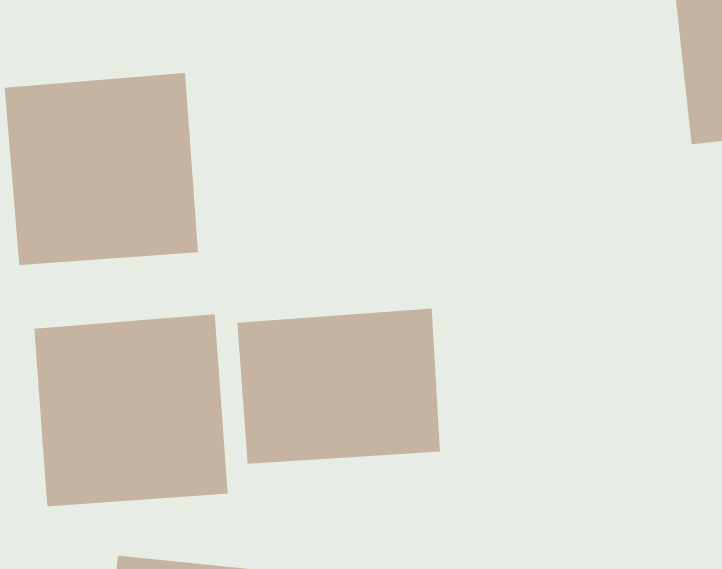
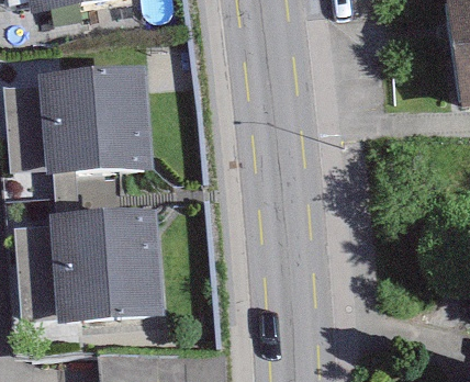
building: [237,308,441,465] -> none

